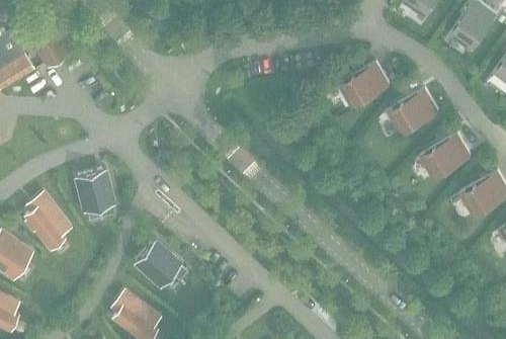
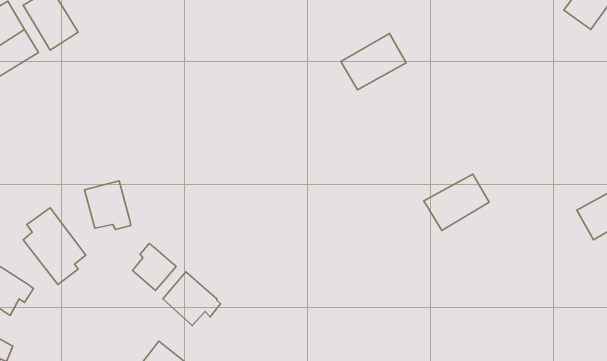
building: [338,64,390,108] -> [341,33,406,90]
building: [388,90,438,135] -> none
building: [419,136,471,180] -> [424,174,489,230]
building: none -> [132,243,176,291]

